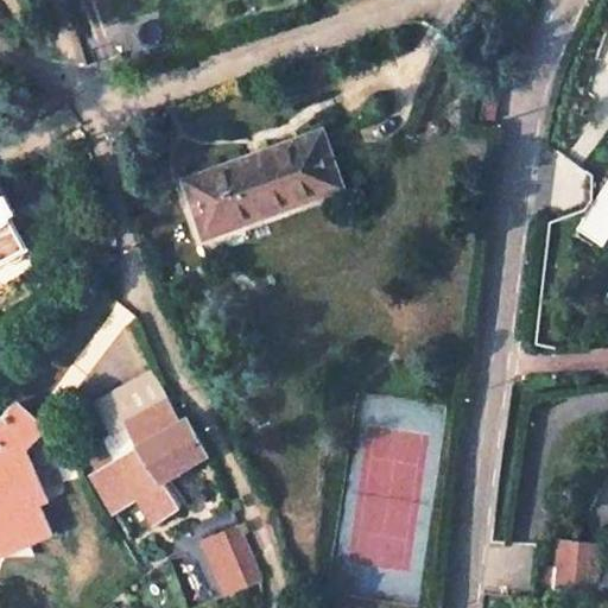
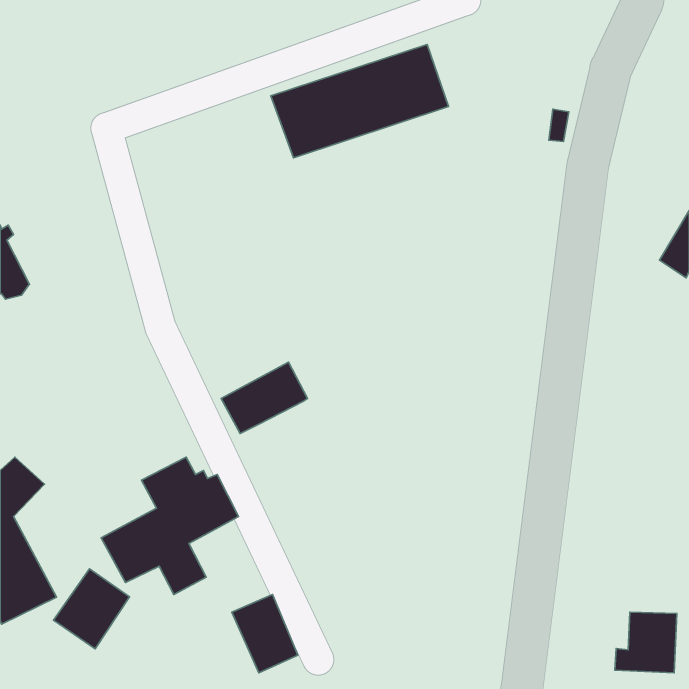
building: [183,138,340,238] -> [271,45,449,158]
building: [91,368,167,431] -> [221,362,307,434]
building: none -> [54,569,130,649]

